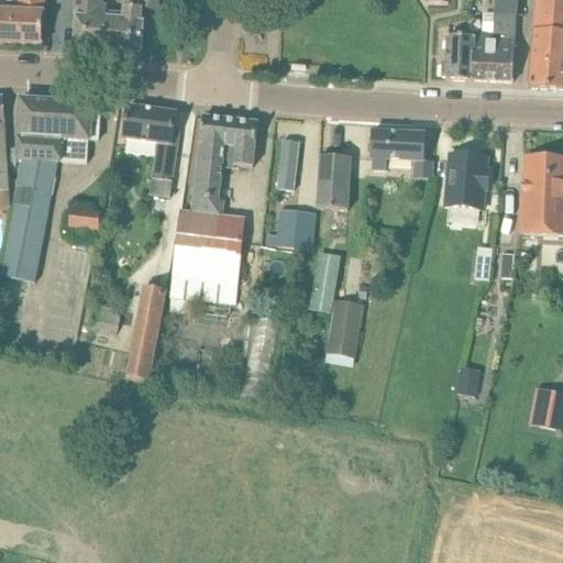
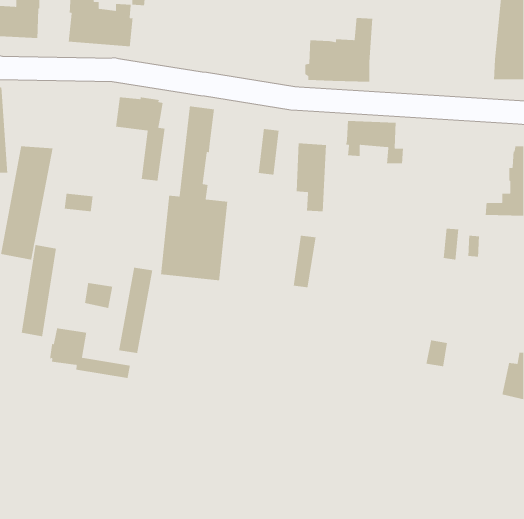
building: [442,9,516,79] -> [304,17,373,83]
building: [15,97,99,161] -> none
building: [224,117,257,165] -> none
building: [444,152,486,208] -> none
building: [520,155,551,217] -> none
building: [265,207,316,249] -> none
building: none -> [21,244,57,337]
building: [325,298,364,356] -> none
building: none -> [49,327,131,379]

